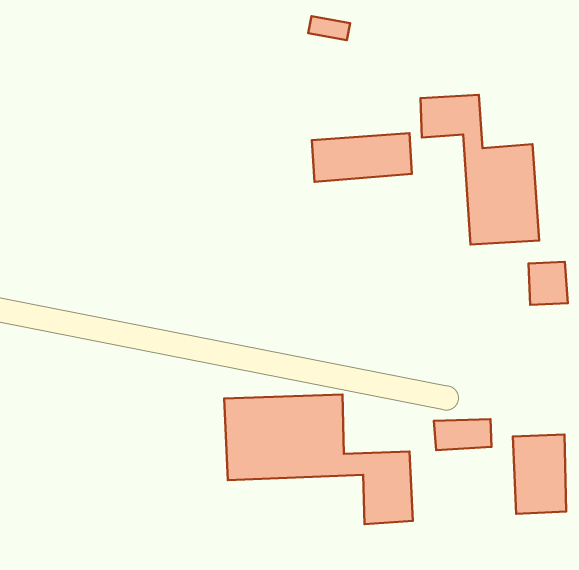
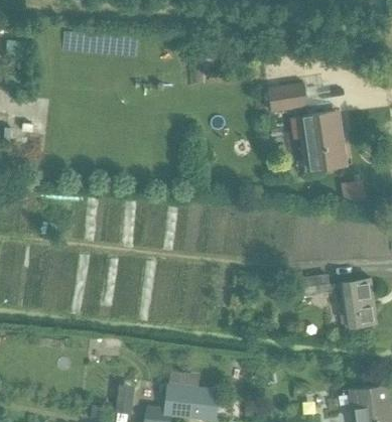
building: [312,133,412,182] -> none
building: [224,394,413,524] -> none

